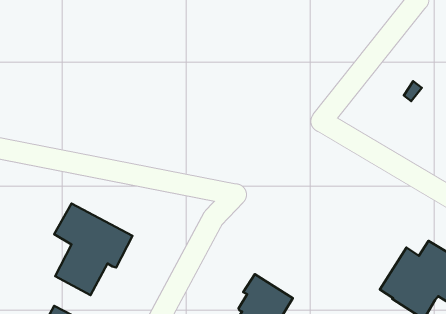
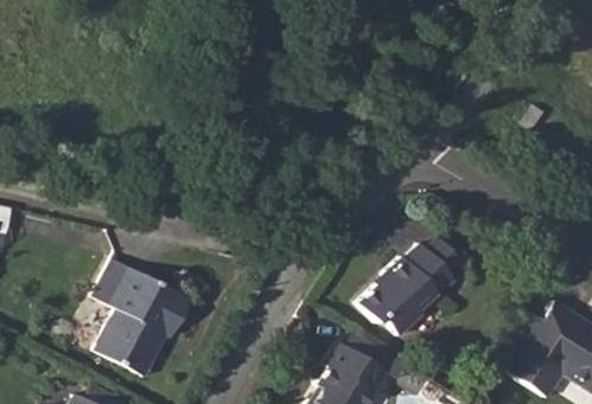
building: none -> [359,244,456,336]

